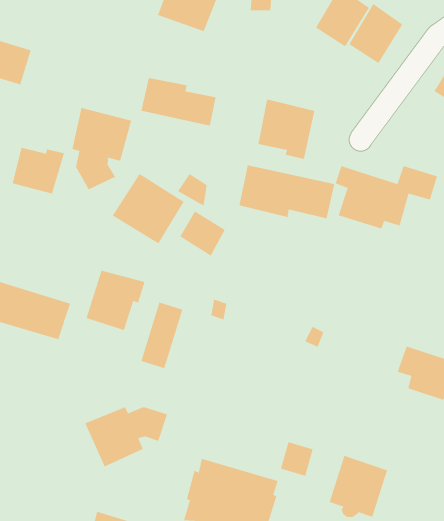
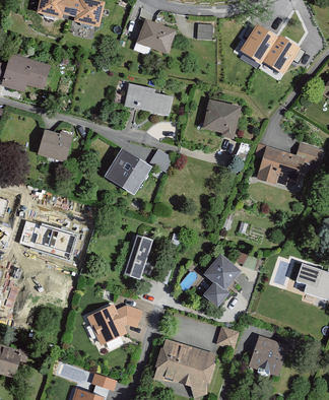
building: [72,107,132,190] -> none
building: [239,165,335,219] -> none
building: [180,211,225,257] -> none
building: [86,270,145,331] -> none
building: none -> [202,253,241,307]

